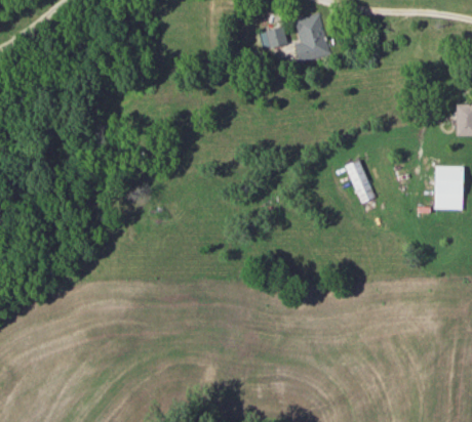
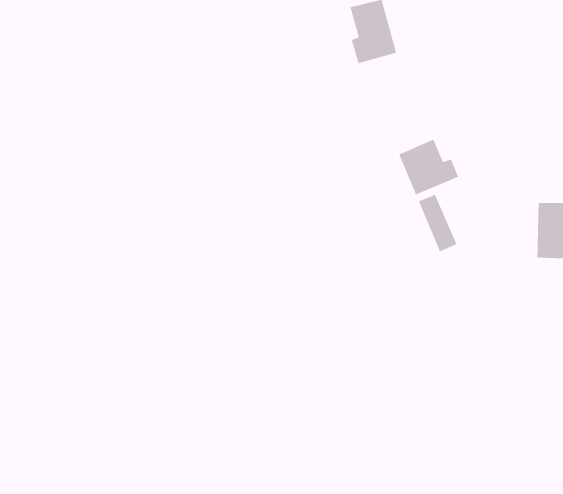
building: [260,26,287,49] -> none
building: none -> [398,139,459,195]

